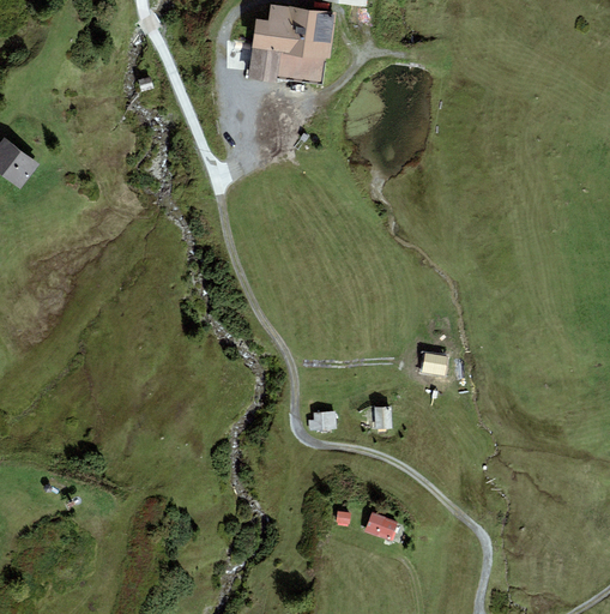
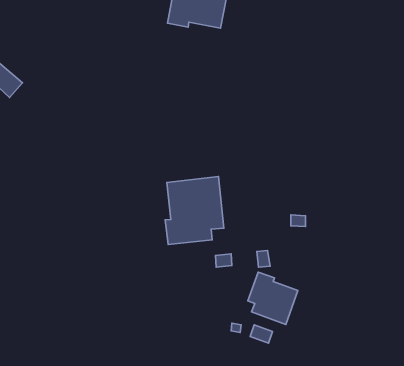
building: none -> [165,177,224,244]
building: none -> [248,272,298,324]

